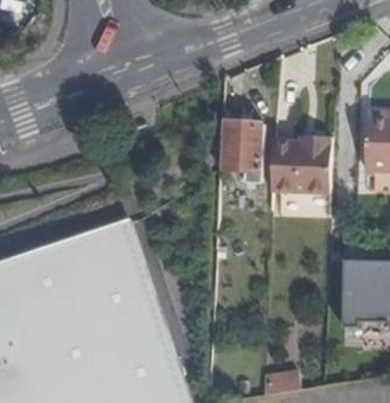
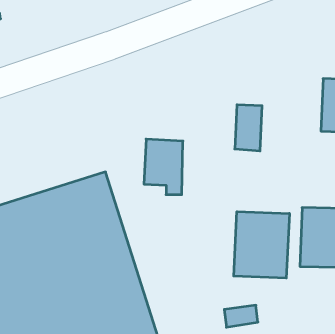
building: [222,122,266,185] -> [144,139,183,195]
building: [302,136,337,196] -> none
building: none -> [234,212,289,278]

